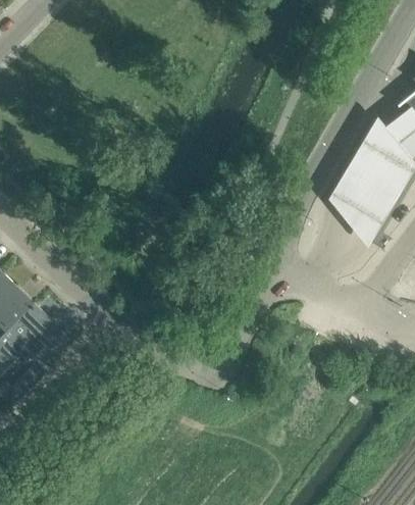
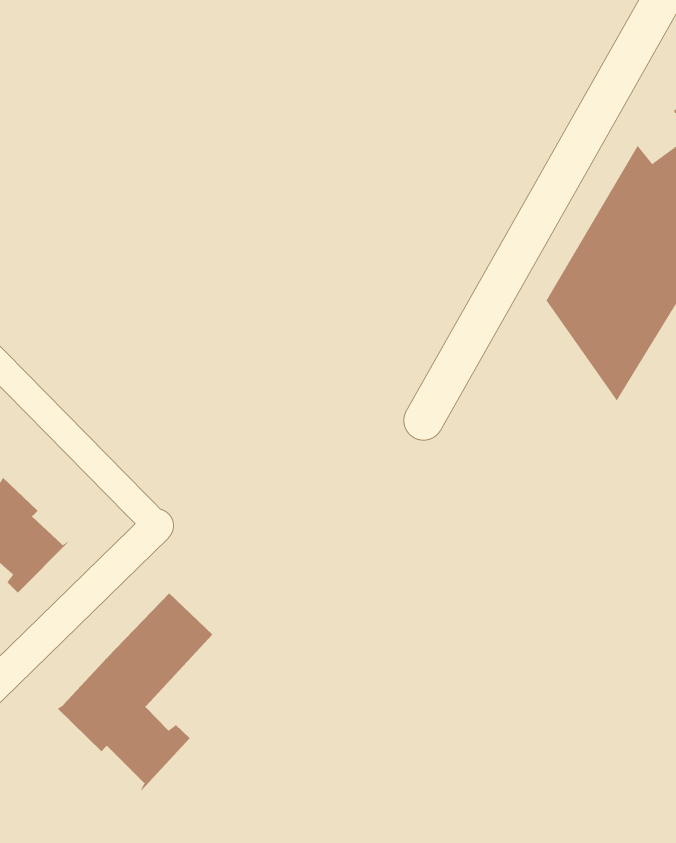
building: none -> [57,593,213,791]

